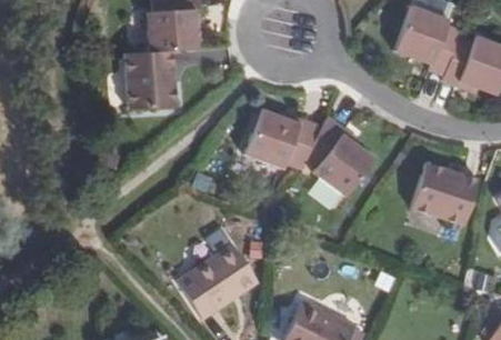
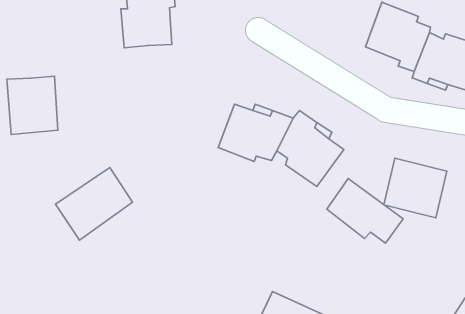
building: [123,49,176,109] -> [7,76,58,135]
building: none -> [327,178,403,243]
building: [177,243,255,318] -> [56,167,132,240]

